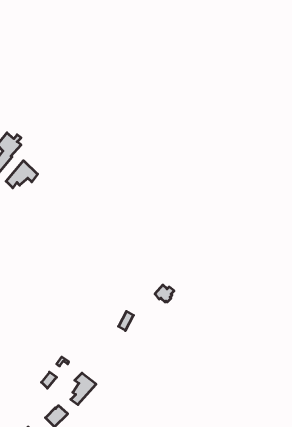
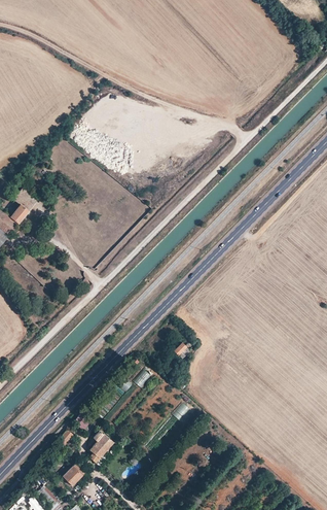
building: [6,161,38,188] -> none

